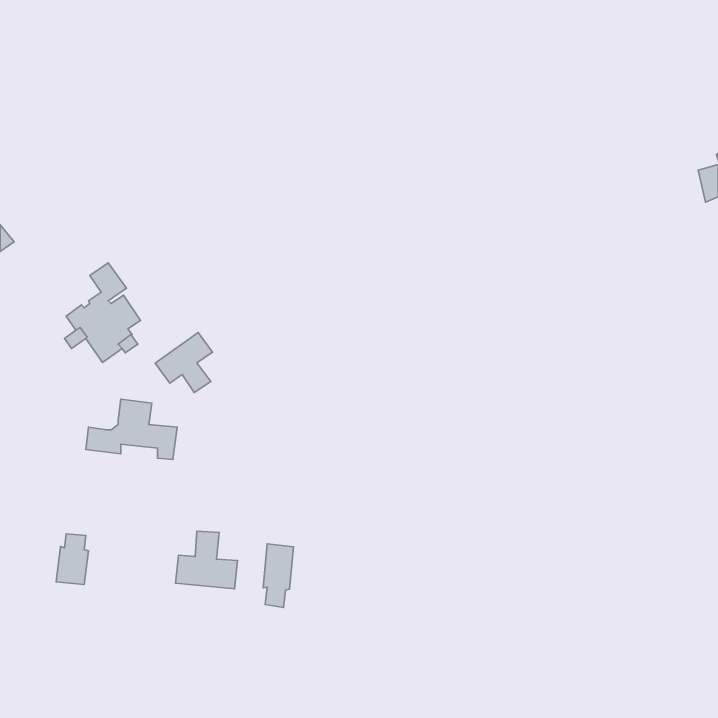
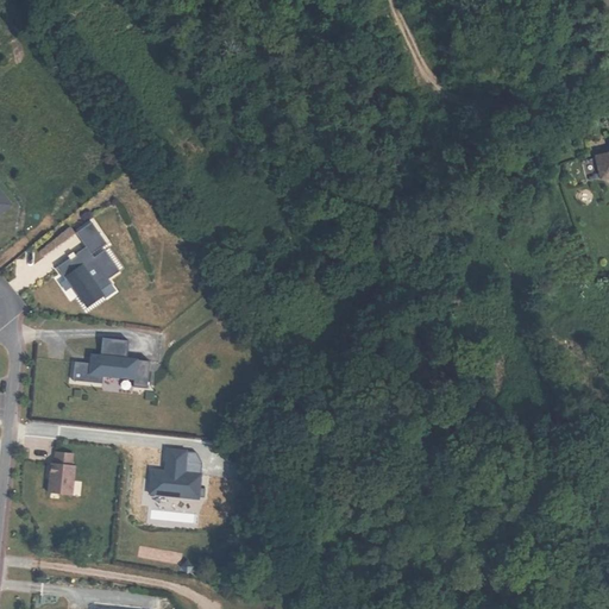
building: [155,332,213,393] -> none
building: [263,544,293,608] -> none

